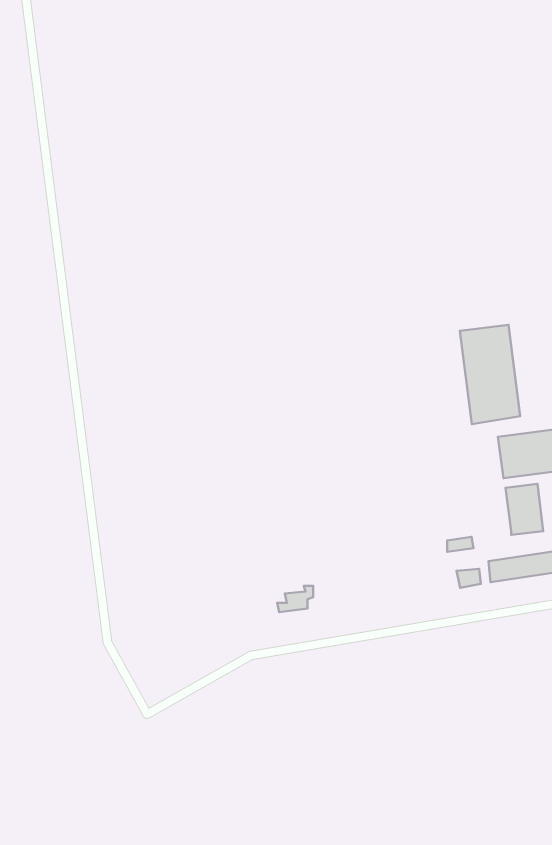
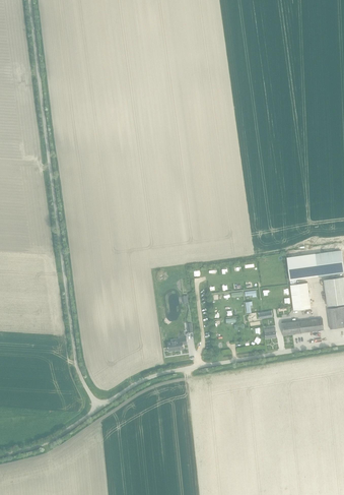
building: [460,325,520,424] -> none

